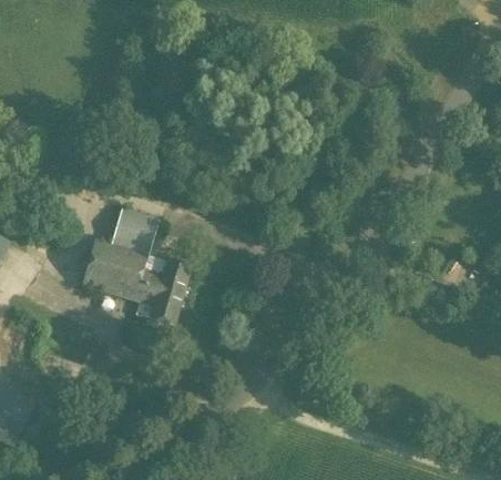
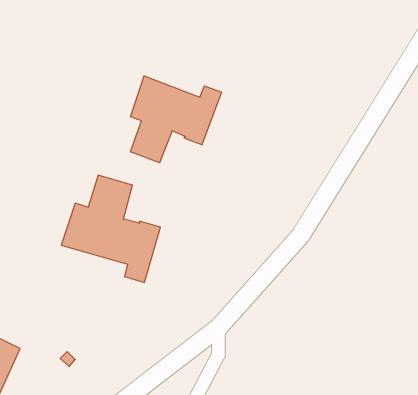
building: none -> [130,76,221,163]

